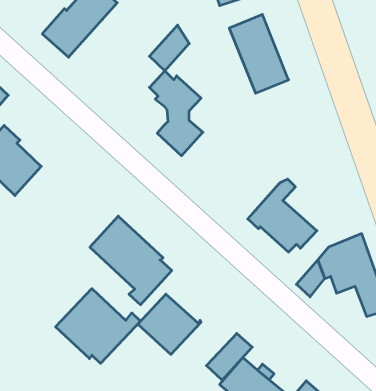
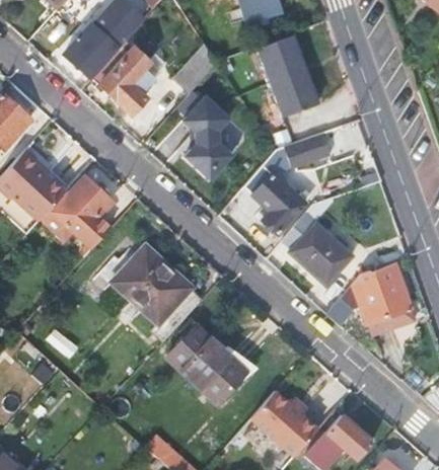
building: none -> [90,38,155,115]
building: none -> [288,133,334,170]
building: none -> [252,174,311,237]
building: none -> [55,175,113,248]
building: [56,289,140,363] -> none
building: [206,333,252,380] -> [199,354,246,402]

